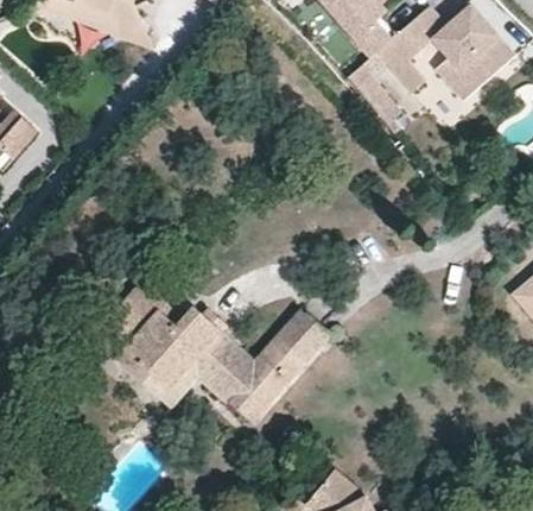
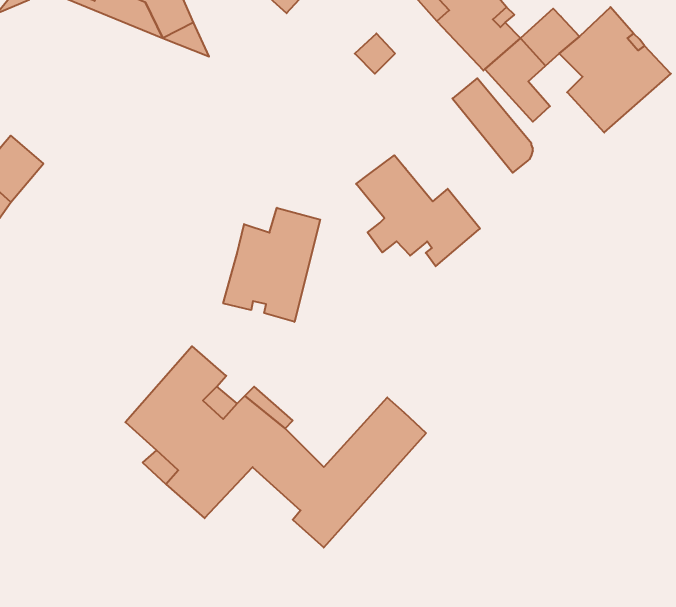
building: none -> [356,155,480,266]
building: none -> [223,208,320,322]
building: [158,361,231,410] -> none

